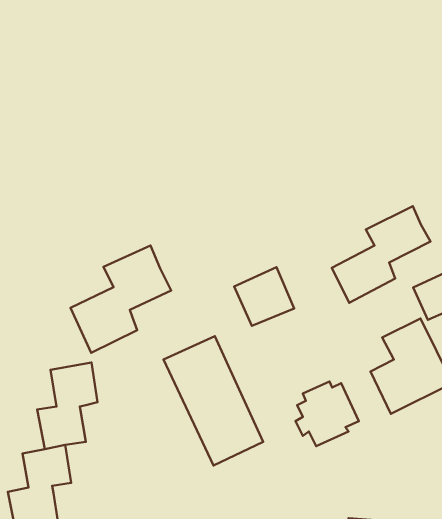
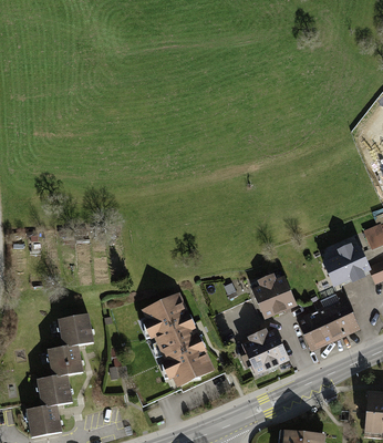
building: [332,206,430,303] -> none
building: [71,245,171,353] -> none
building: [234,267,294,326] -> [249,274,294,318]

